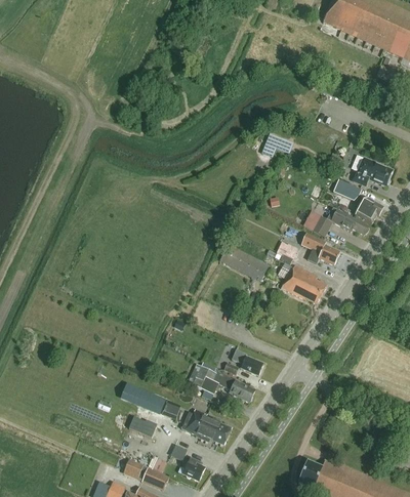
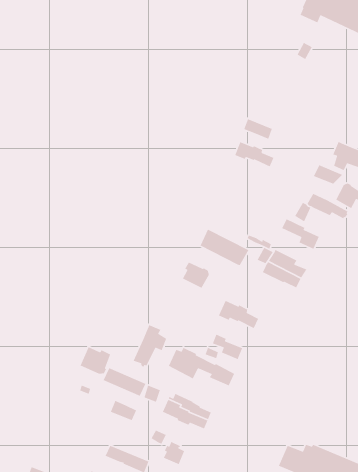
building: none -> [234,141,274,167]
building: none -> [182,261,210,289]
building: none -> [218,300,259,329]
building: none -> [133,324,167,368]
building: none -> [80,346,111,375]

